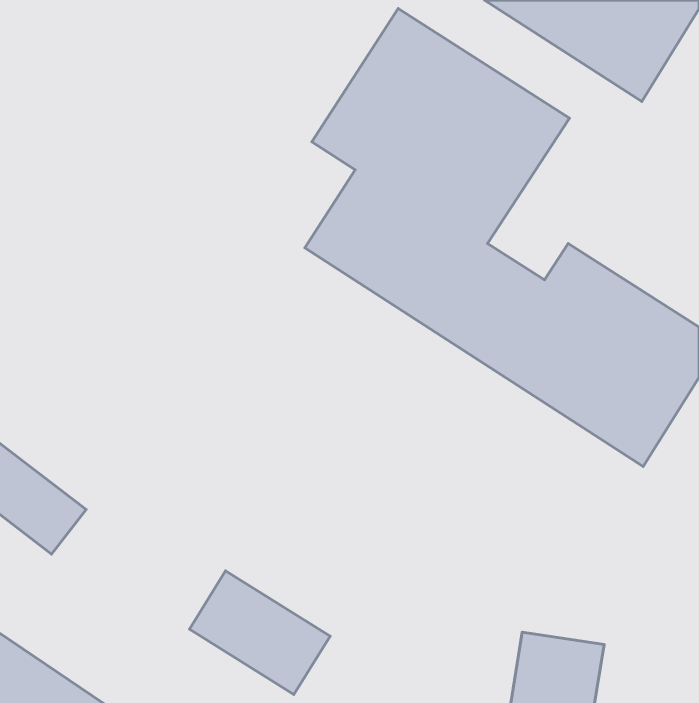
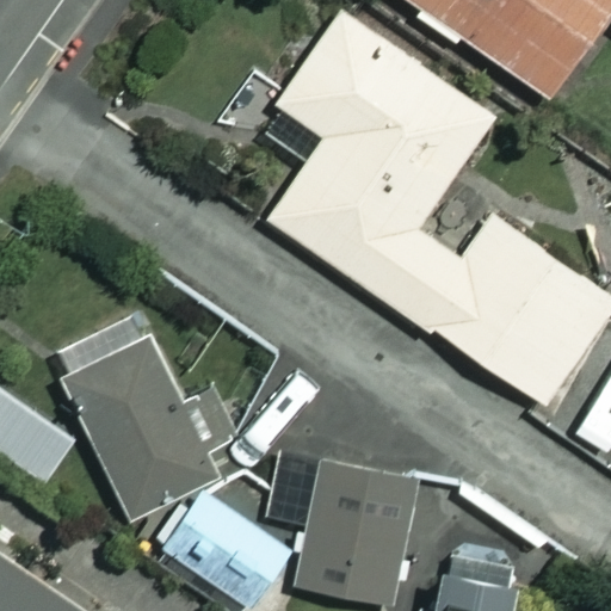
building: none -> [72,329,214,513]
building: none -> [295,463,419,601]

